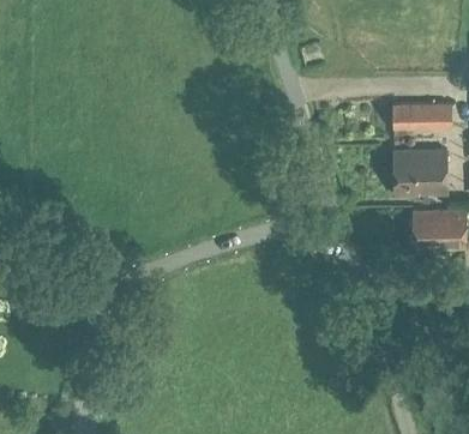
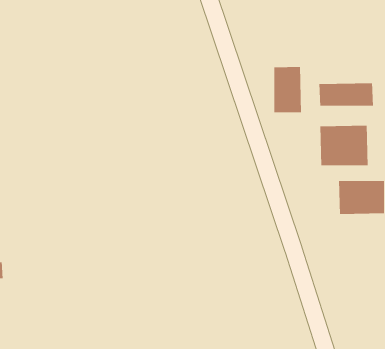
building: none -> [274,66,302,113]

